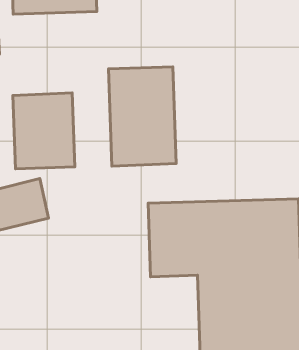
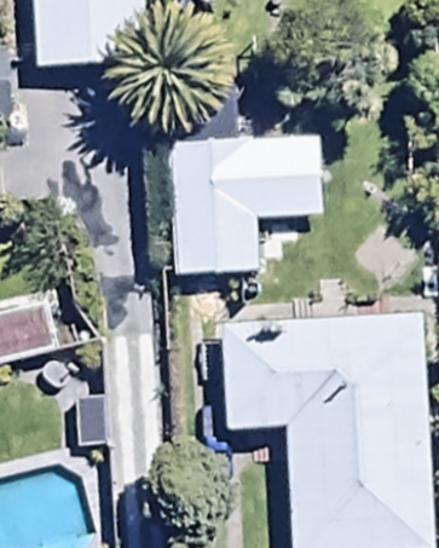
building: [13,93,75,169] -> none

